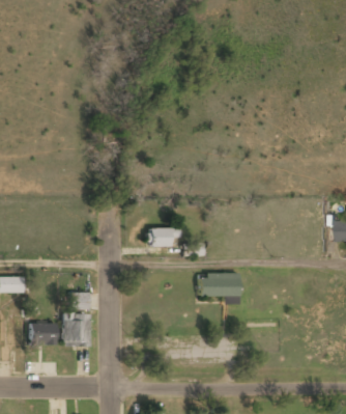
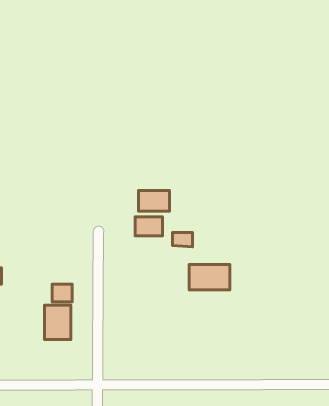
building: none -> [139,190,170,211]
building: [29,323,57,344] -> none

